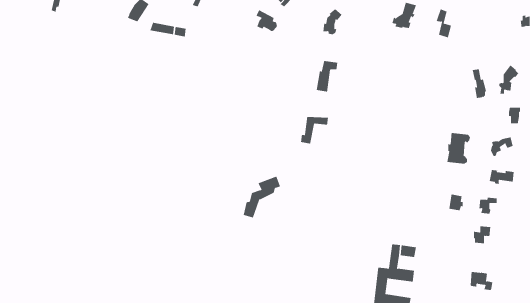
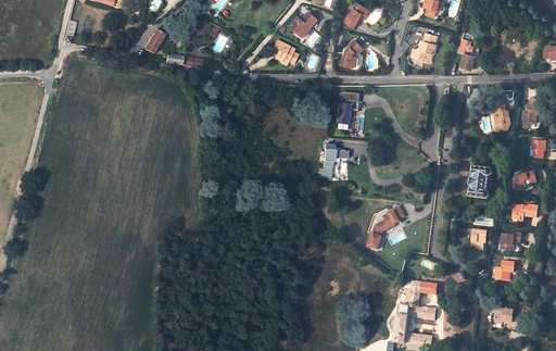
building: [243,176,281,218] -> [365,206,404,250]

